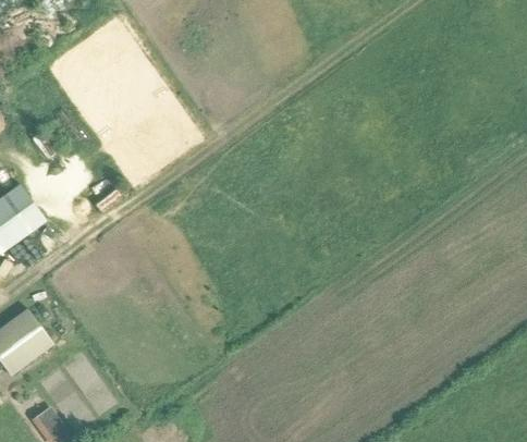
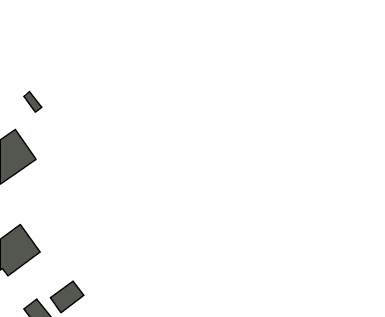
building: none -> [50,281,84,313]

